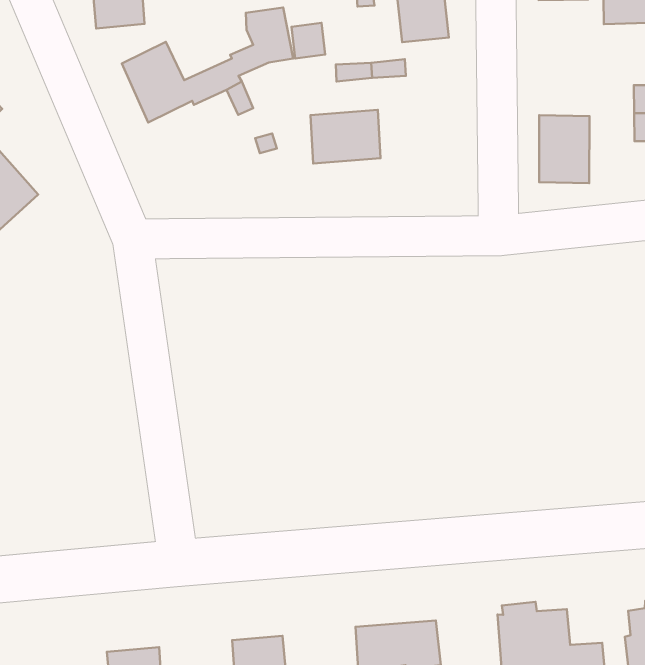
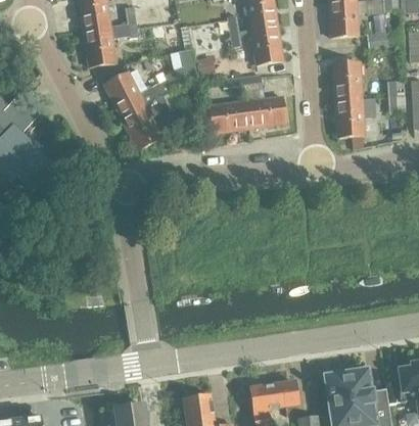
building: none -> [333,61,363,99]
building: none -> [121,102,161,148]
building: none -> [246,96,285,128]

